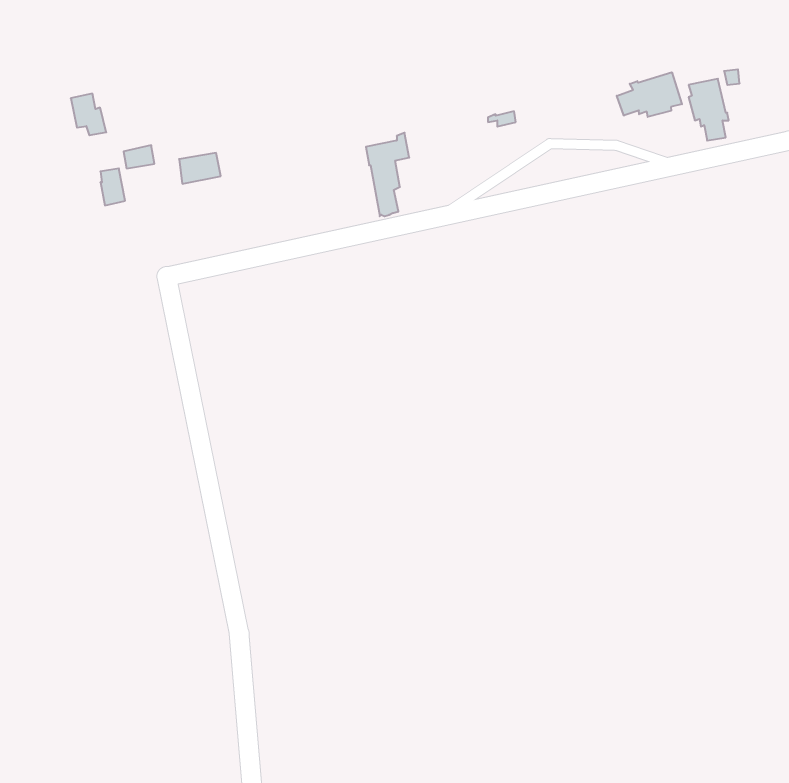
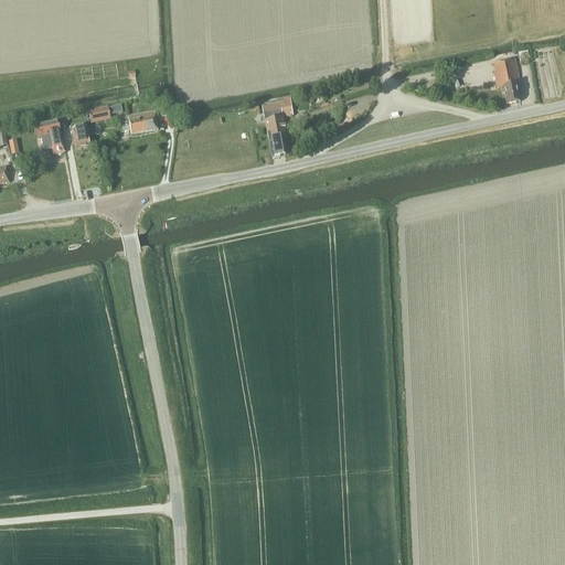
building: [617,72,682,117] -> none
building: [71,94,106,135] -> [40,122,65,152]

